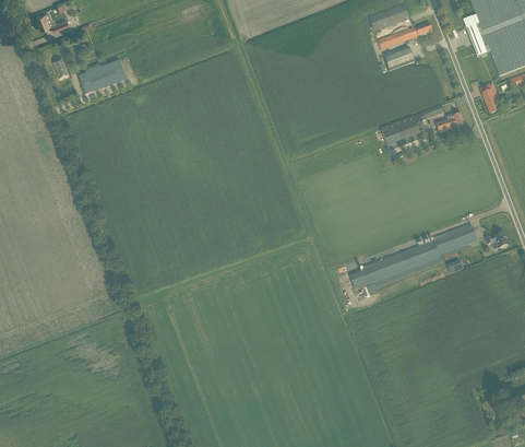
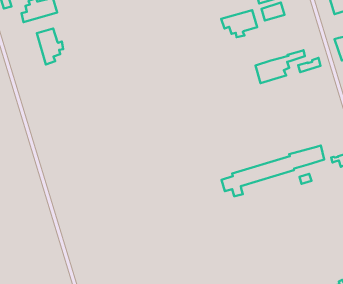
building: none -> [221,10,257,37]
building: none -> [37,28,63,65]

